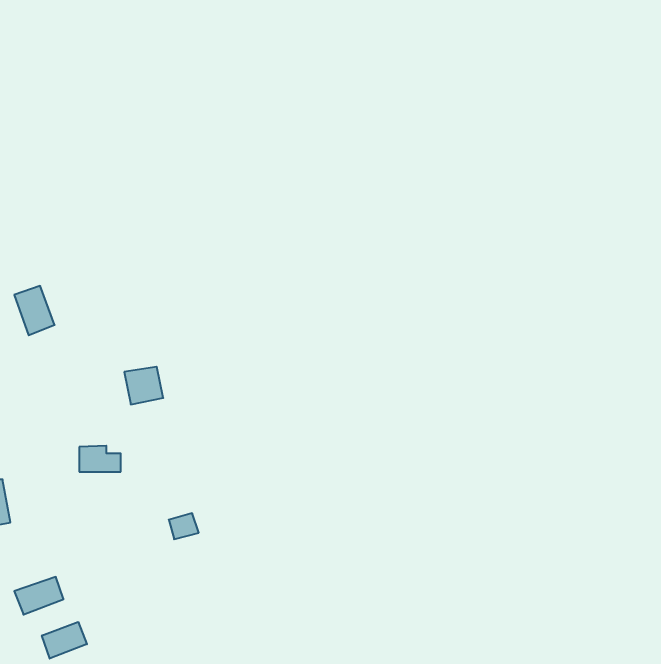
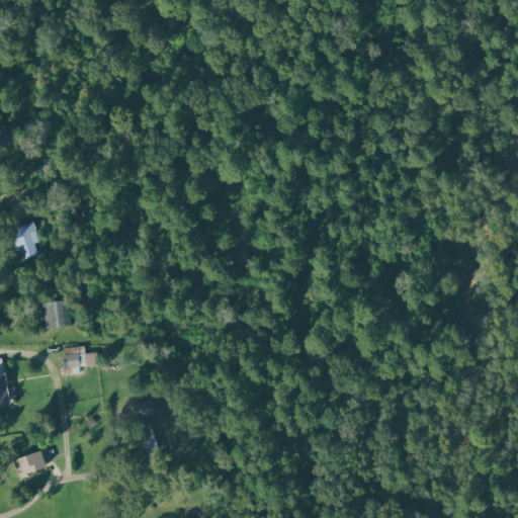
building: [124,367,163,404] -> [41,299,72,329]
building: [42,622,87,659] -> none

